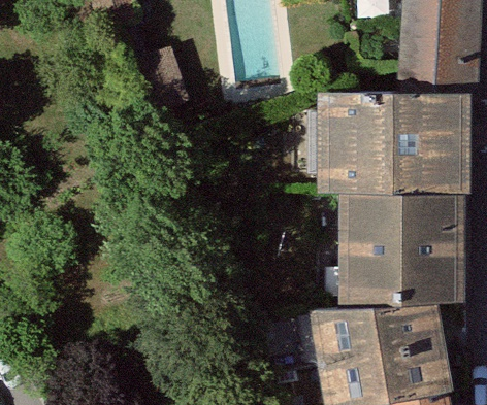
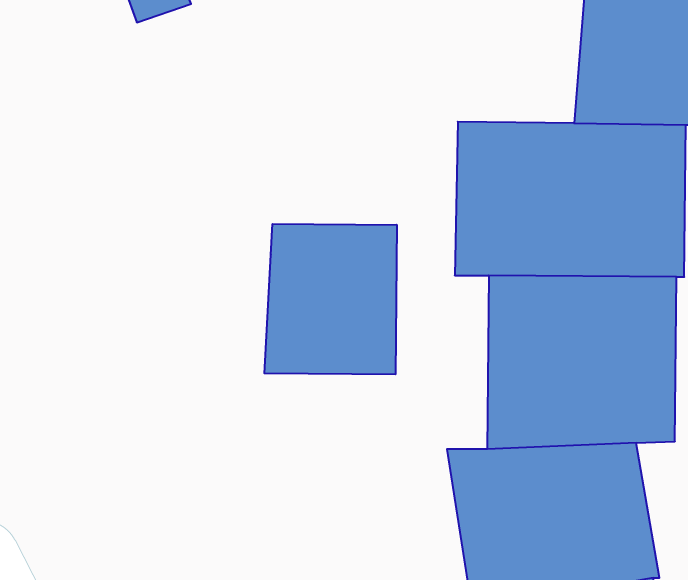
building: none -> [264,224,397,374]

